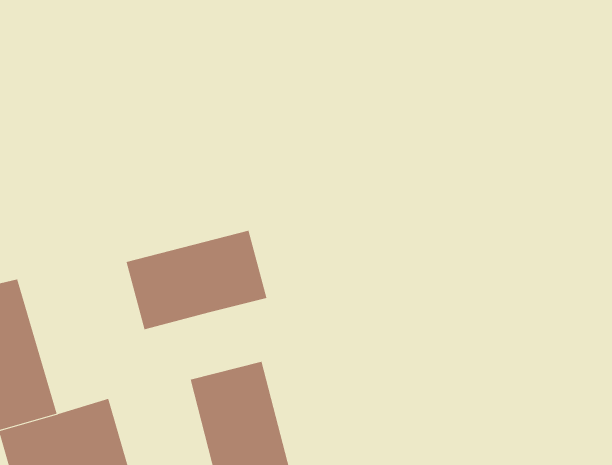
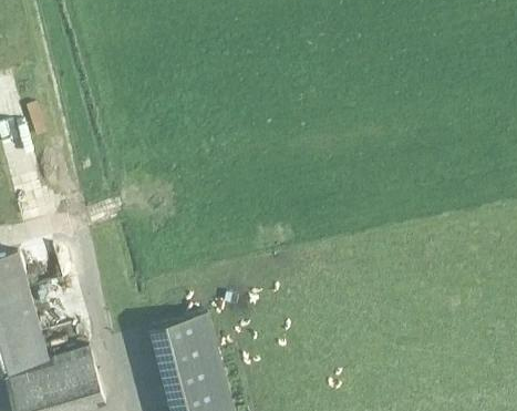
building: [126,230,267,330] -> none

